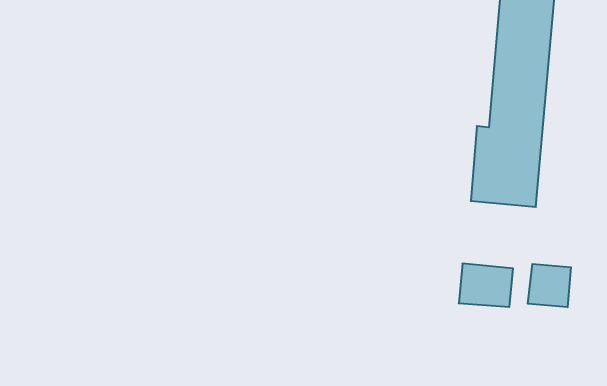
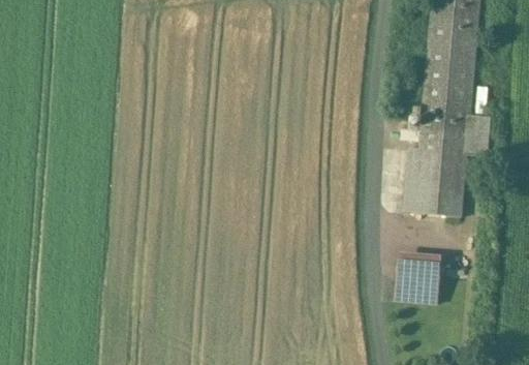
building: [528,264,571,307] -> none

